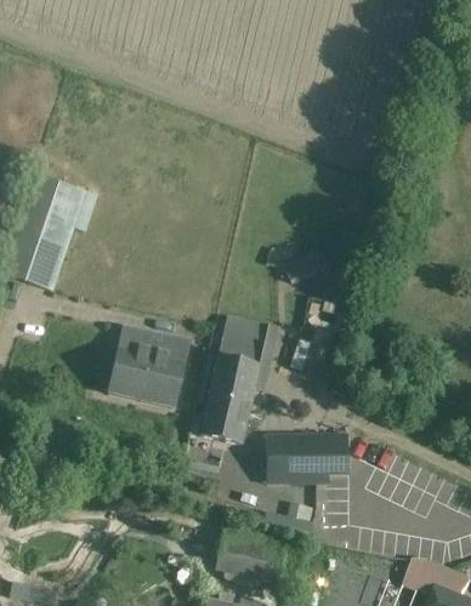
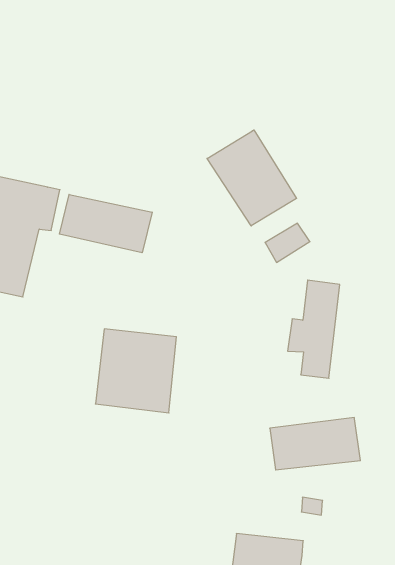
building: none -> [207,130,297,226]
building: none -> [59,194,152,253]
building: [202,318,267,446] -> none

